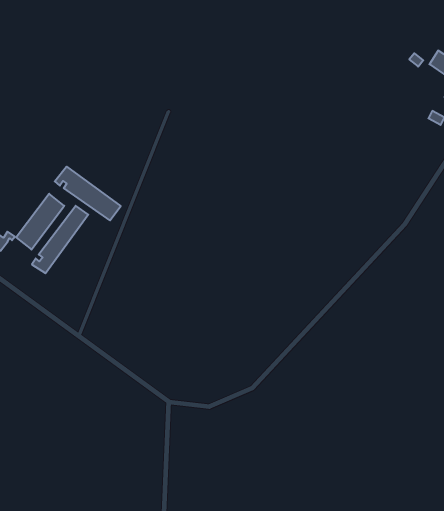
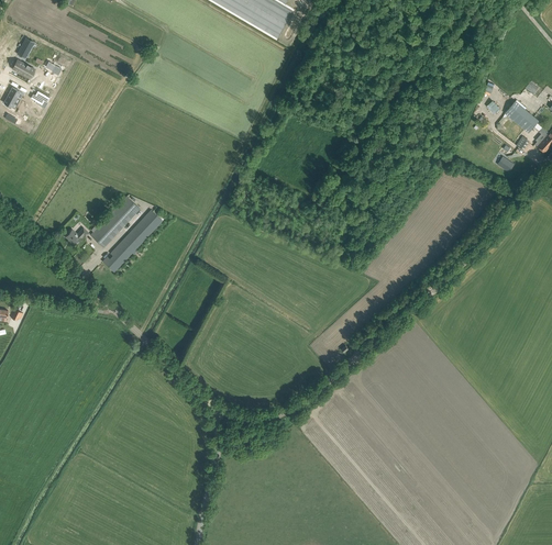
building: [55,167,121,220] -> none

